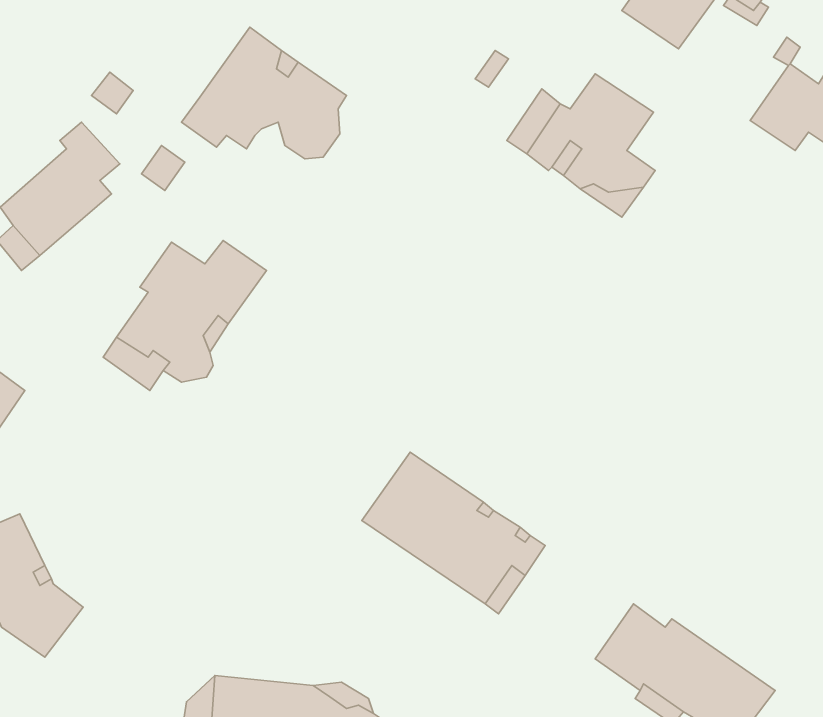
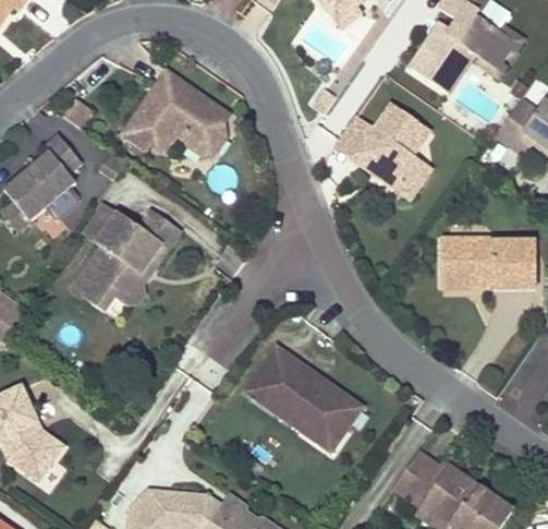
building: none -> [443,235,537,286]

